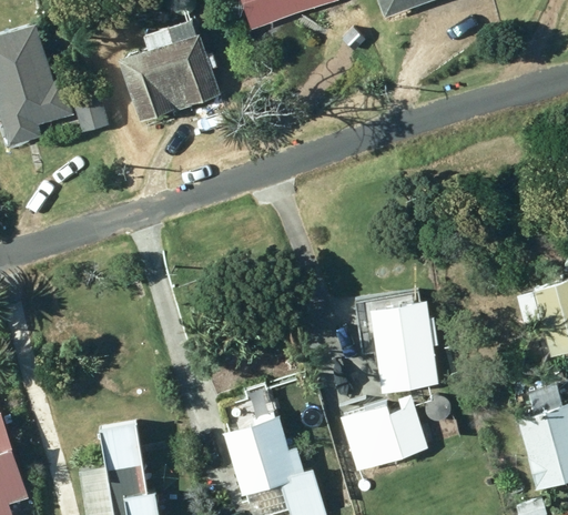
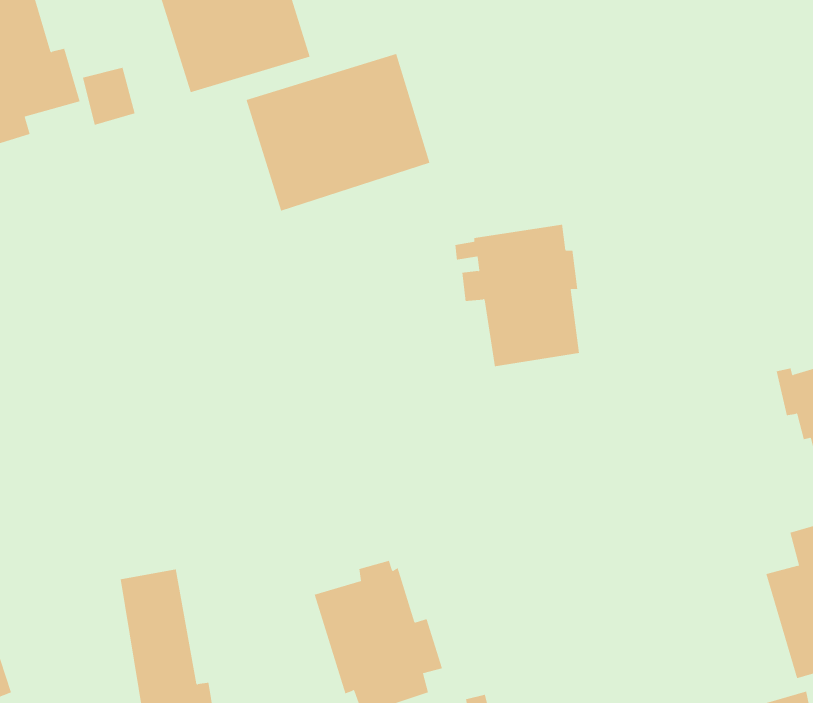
building: none -> [246,53,430,211]
building: [357,303,438,395] -> [455,224,580,367]
building: [341,396,427,469] -> none

